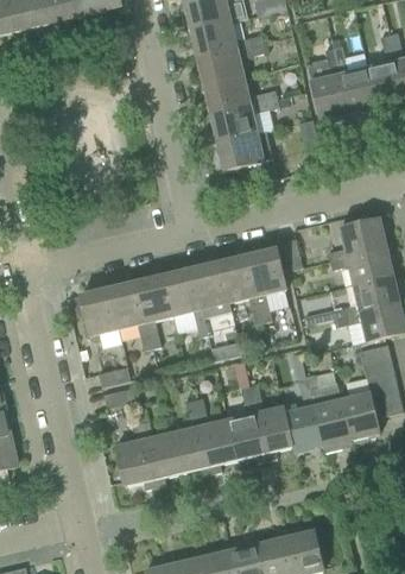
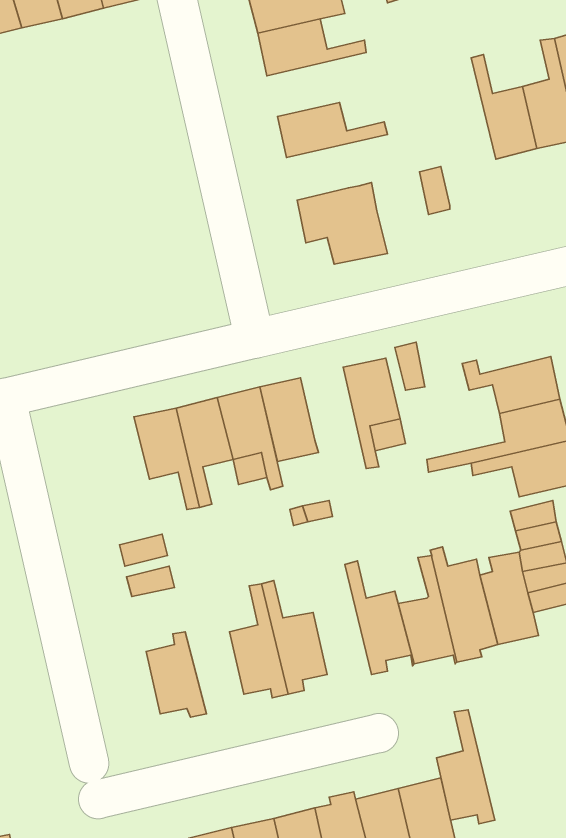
building: [197,43,266,86] -> none
building: [308,46,350,120] -> none
building: [210,97,279,141] -> none
building: [337,212,387,258] -> none
building: [220,253,264,323] -> none
building: [67,286,119,342] -> none
building: [228,385,267,461] -> [436,710,495,824]
building: [132,420,182,485] -> none

